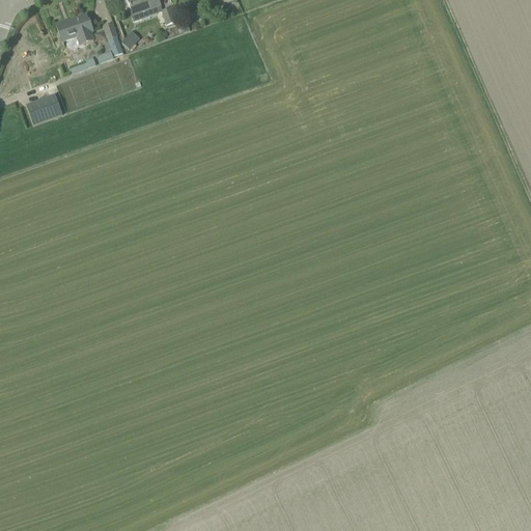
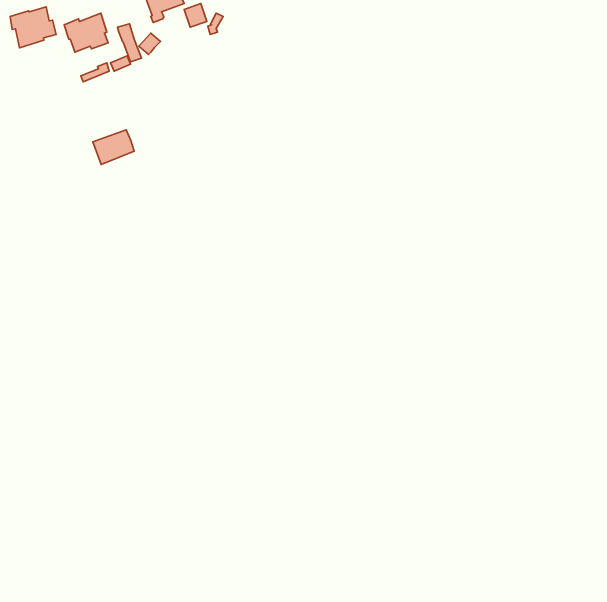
building: none -> [10,7,56,48]
building: [26,93,62,123] -> [93,130,134,164]

